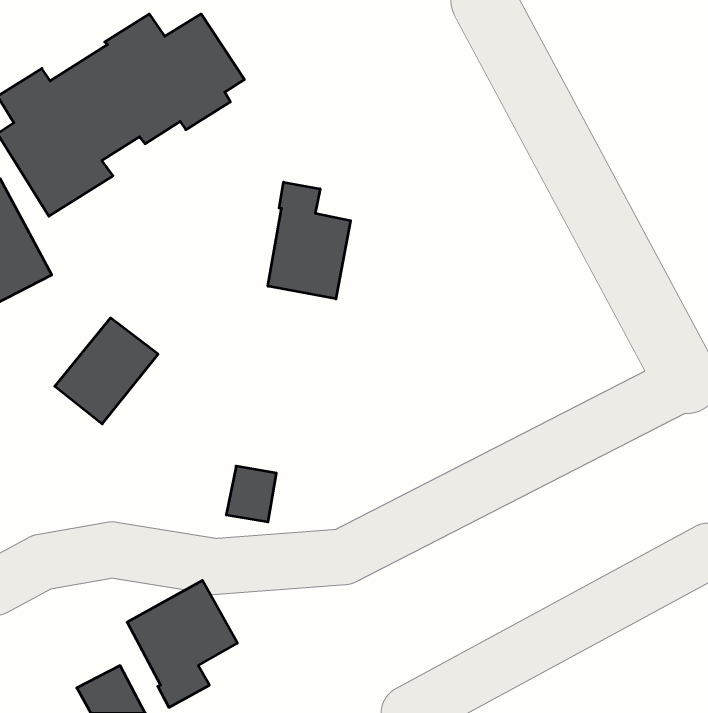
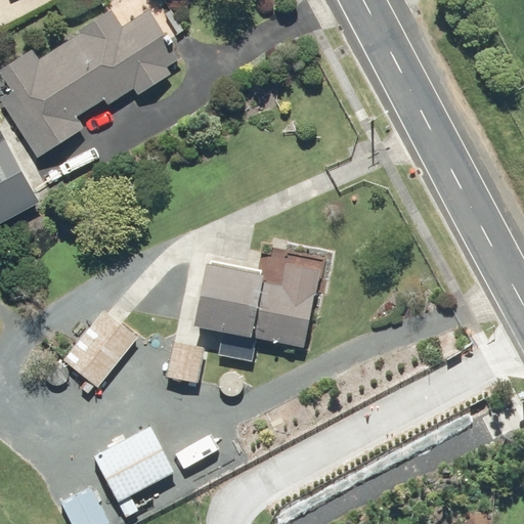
building: [268,182,351,299] -> none
building: [55,318,158,424] -> [61,310,137,388]
building: none -> [194,263,318,347]

